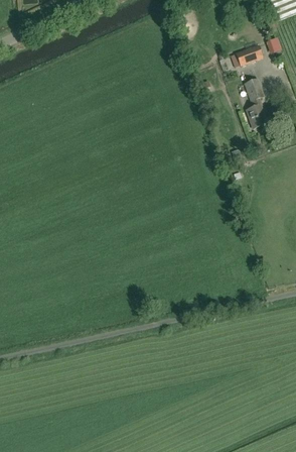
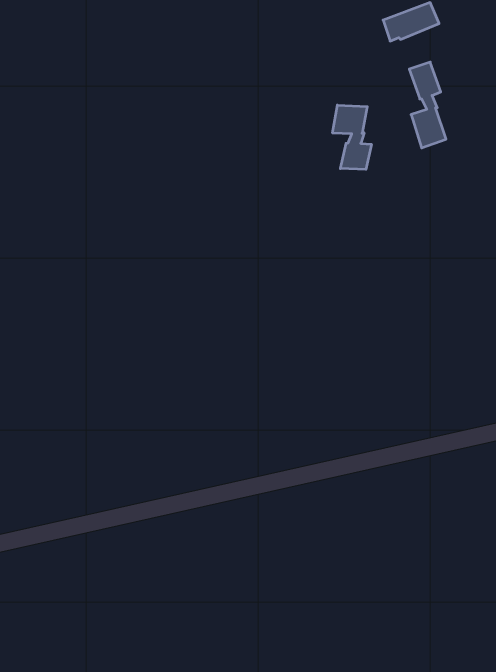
building: none -> [333,105,371,169]

